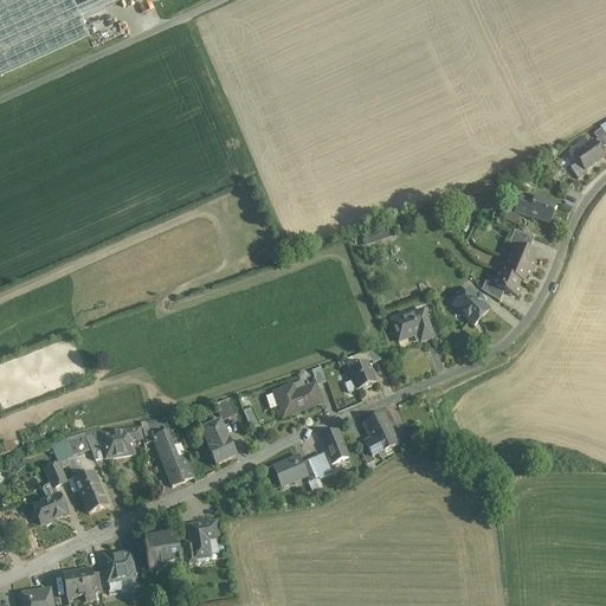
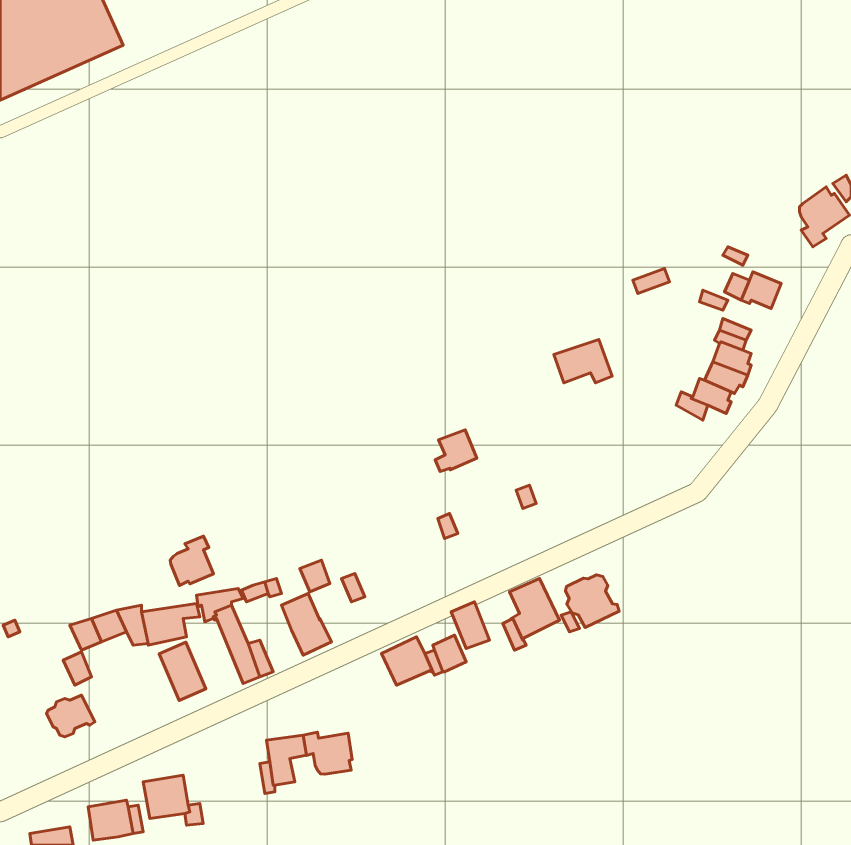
building: [453,288,488,322] -> none
building: [391,309,432,340] -> [554,339,612,383]
building: [346,360,375,389] -> [435,430,477,471]
building: none -> [170,536,214,585]
building: [275,382,321,414] -> none
building: none -> [566,575,619,627]
building: [73,471,107,512] -> [159,642,206,701]
building: none -> [303,732,352,774]
building: [143,534,181,573] -> none

